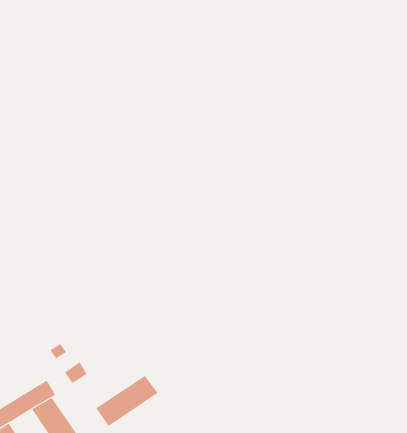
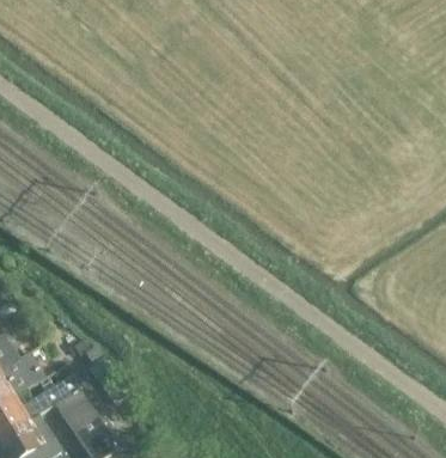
building: [95,375,159,427] -> none

